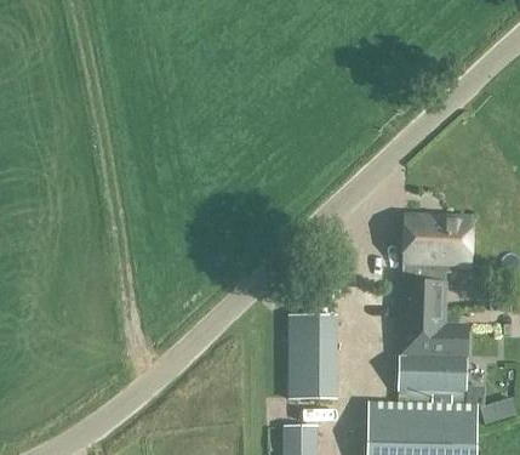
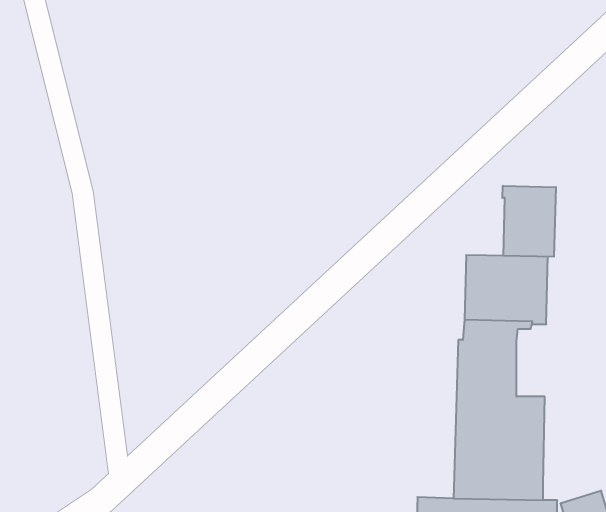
building: none -> [502,186,556,257]
building: [288,314,335,399] -> none

